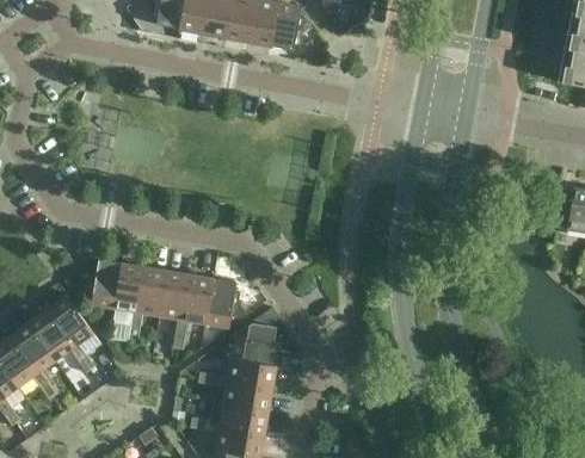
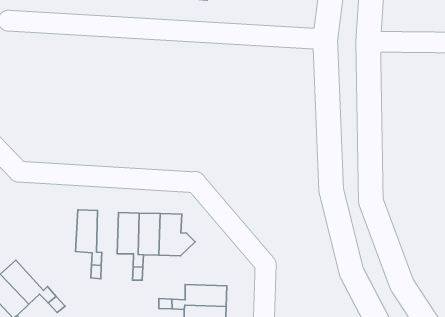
building: [78,260,122,309] -> none
building: [136,267,166,317] -> none
building: [47,296,92,347] -> none
building: [229,323,278,367] -> none

